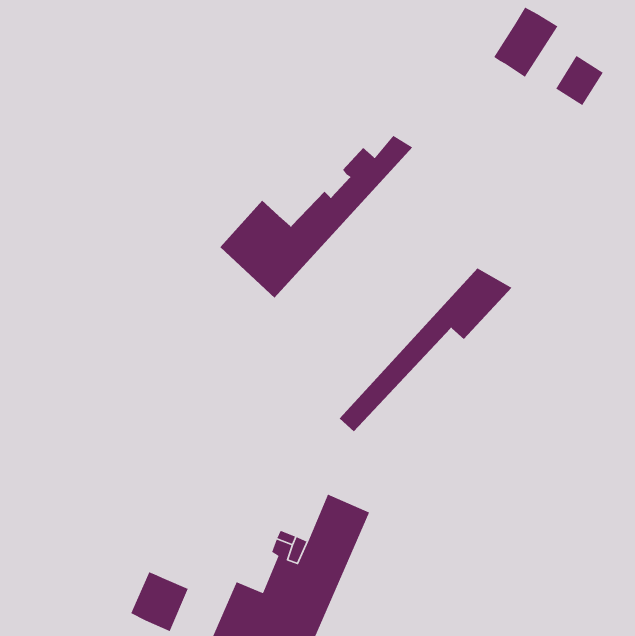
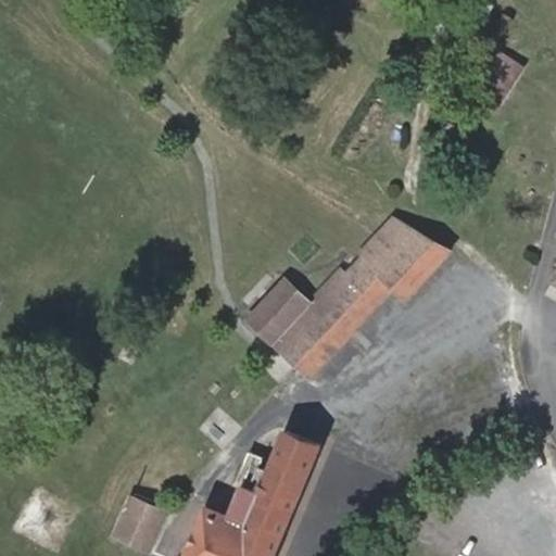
building: [493,7,558,78] -> none
building: [220,135,413,298] -> [247,224,415,366]

